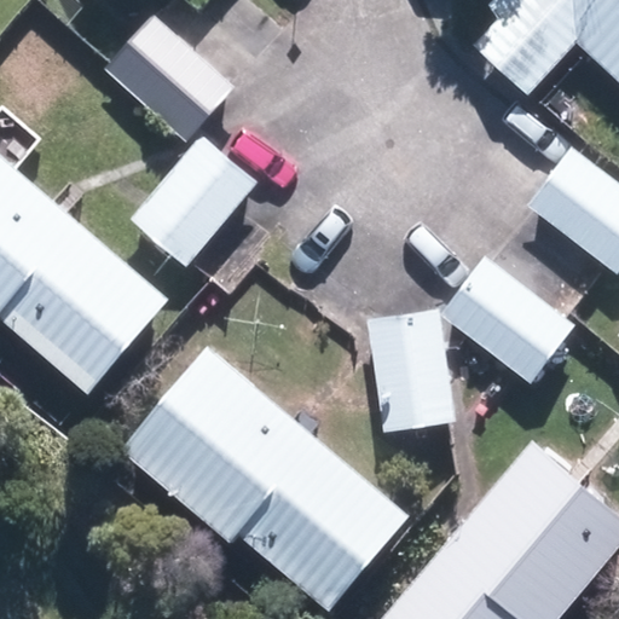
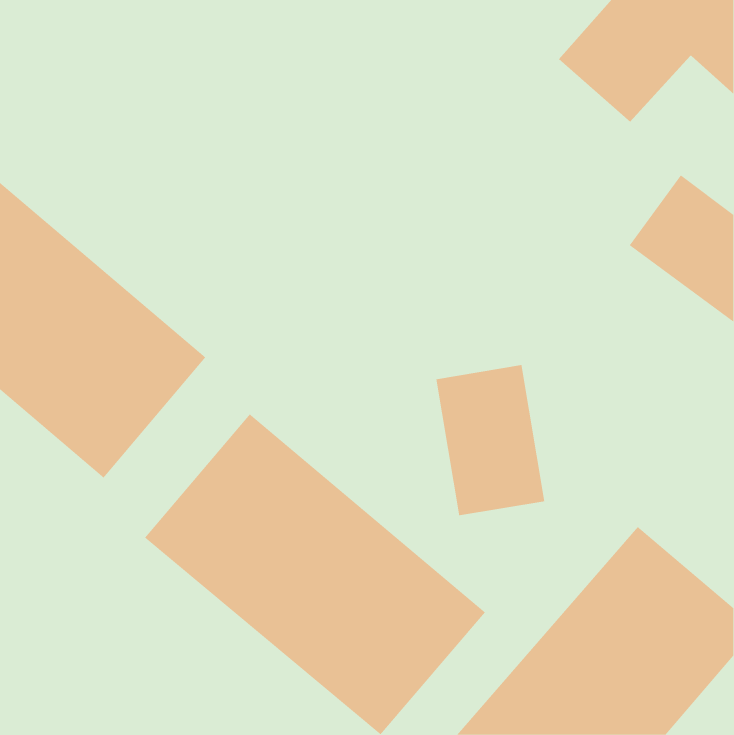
building: [103,15,238,145] -> none
building: [138,137,264,268] -> none
building: [440,255,575,382] -> none

